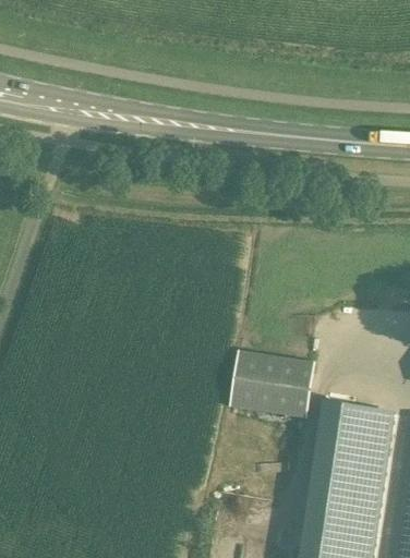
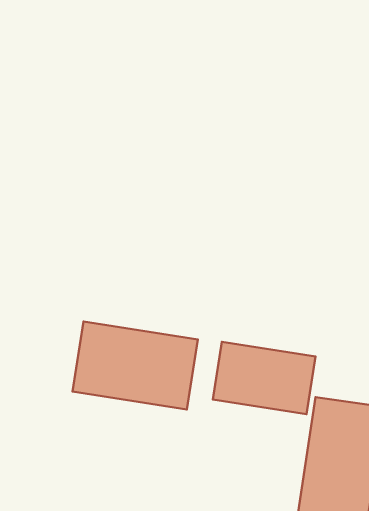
building: none -> [73,322,198,409]

